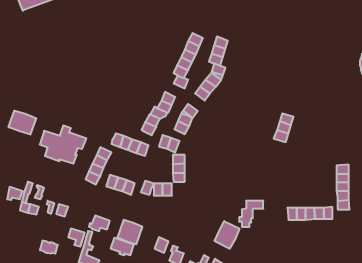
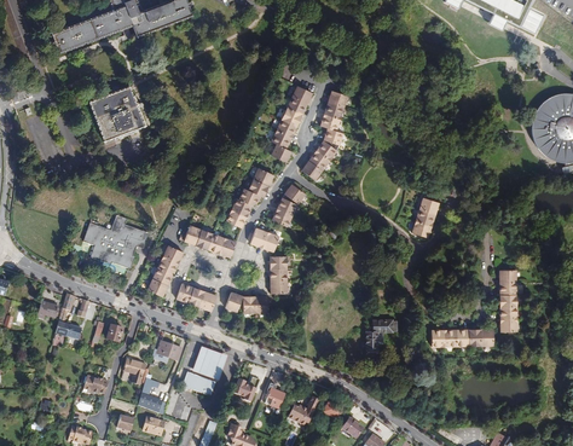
building: none -> [88,85,145,141]
building: [9,111,36,135] -> none
building: [215,221,239,249] -> none

